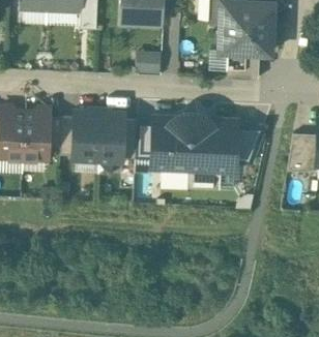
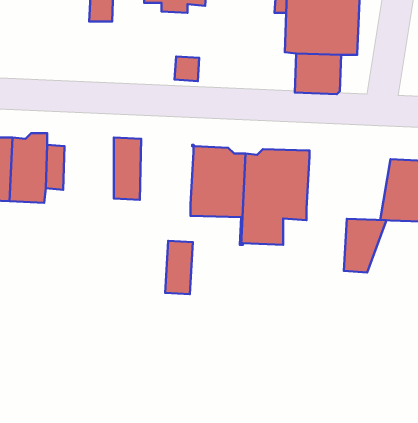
building: [76,113,96,156] -> none
building: [134,122,153,160] -> [165,241,193,294]
building: [234,126,264,164] -> [344,219,386,272]

